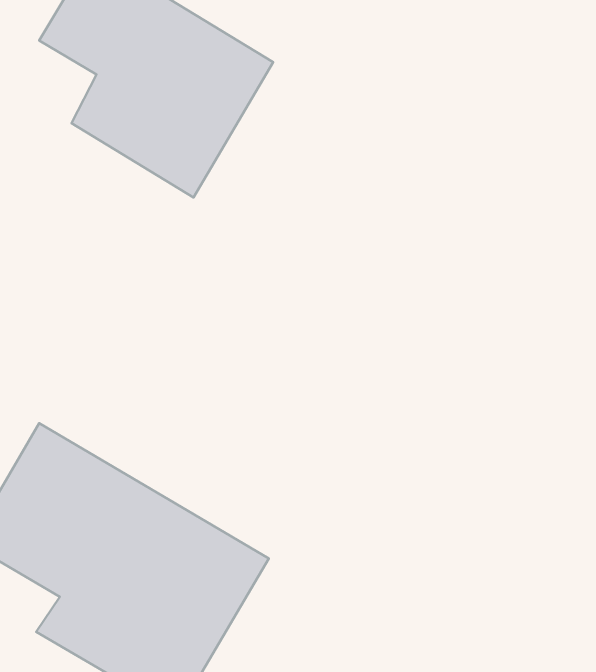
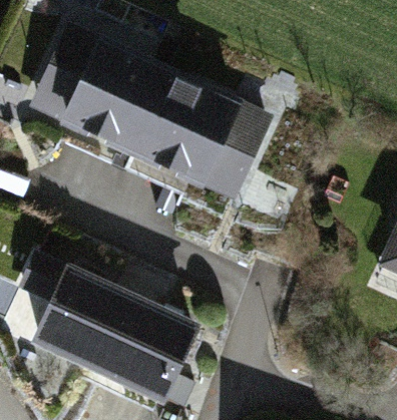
building: none -> [136,74,268,177]

